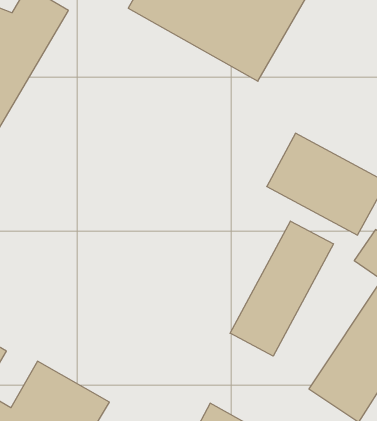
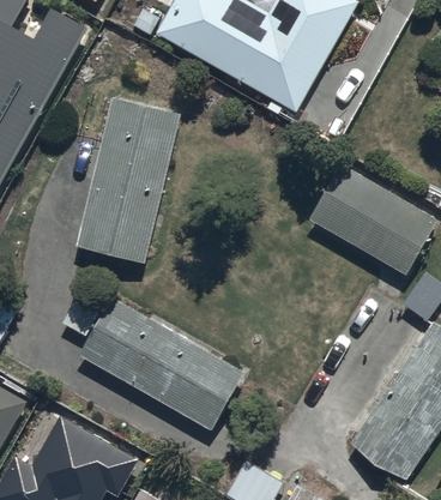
building: none -> [77,100,180,264]
building: [230,221,333,356] -> none
building: none -> [79,297,242,430]

